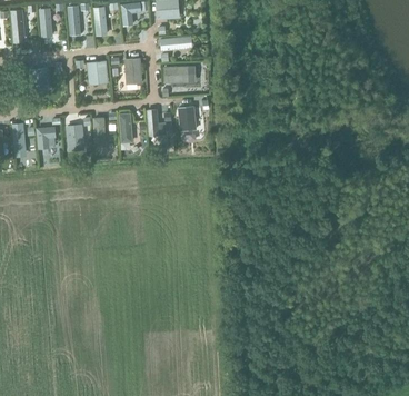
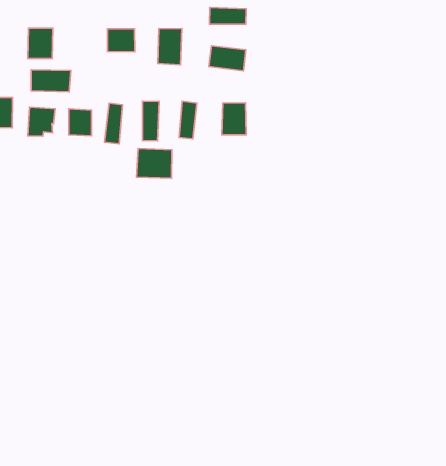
building: none -> [31,70,71,92]
building: none -> [136,149,172,178]

